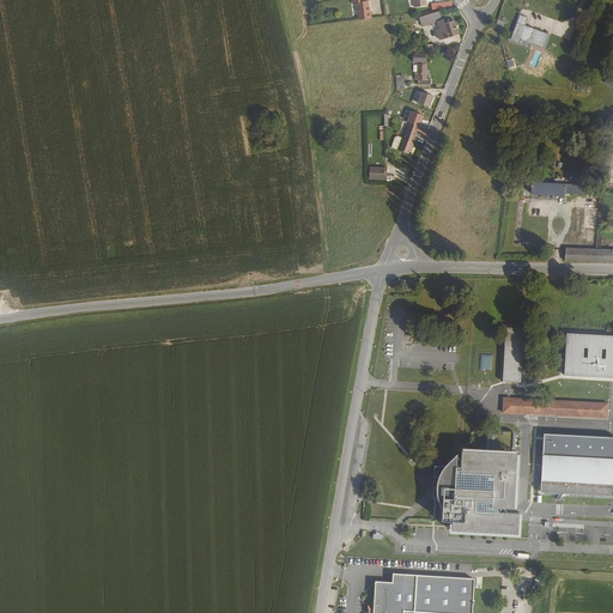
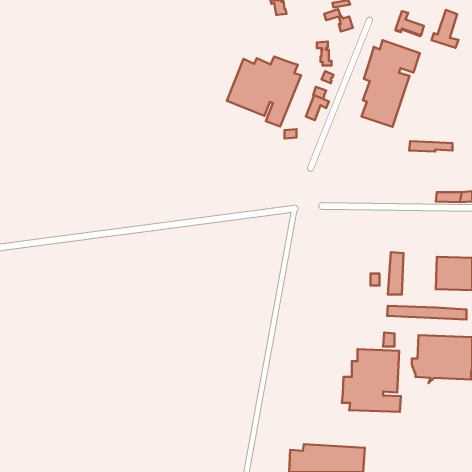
building: none -> [432,10,459,48]
building: none -> [362,40,420,127]
building: none -> [227,56,301,126]
building: [437,455,457,510] -> none

